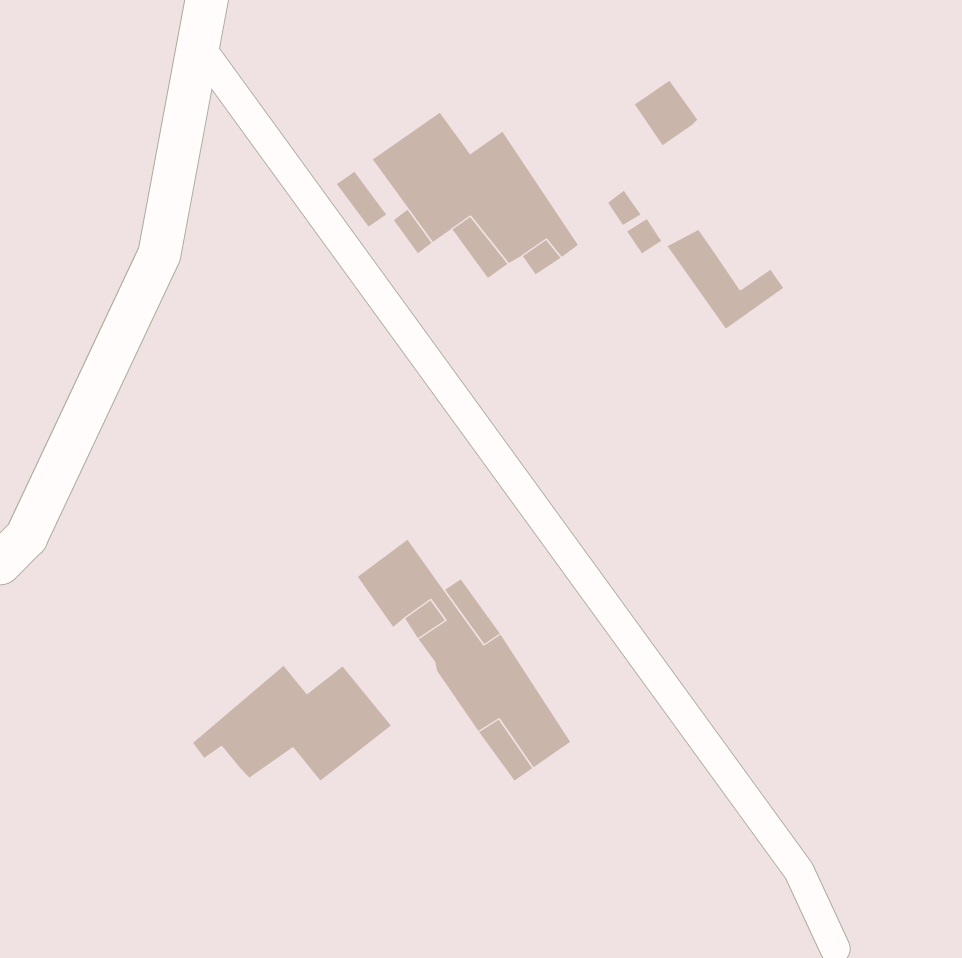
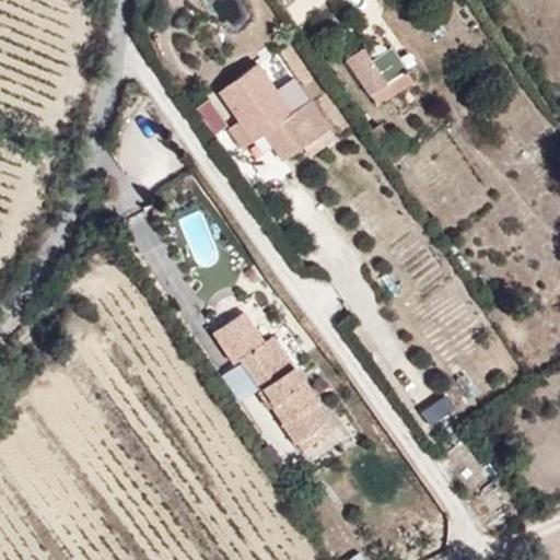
building: [667,229,784,330] -> [343,49,411,107]
building: [192,665,392,782] -> none

